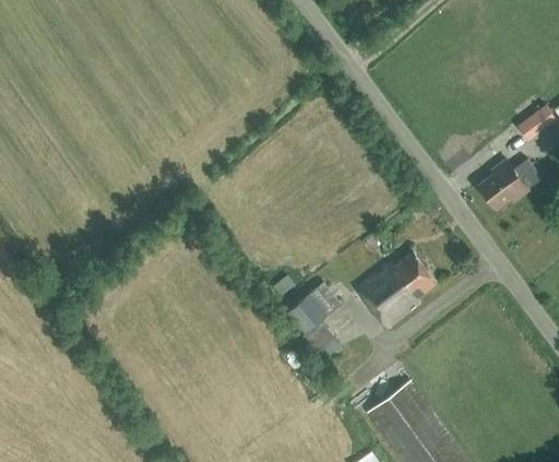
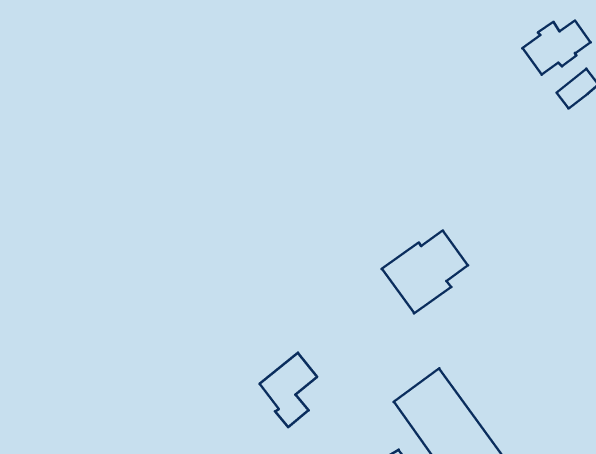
building: [477,161,539,210] -> [522,21,591,75]
building: [287,285,340,353] -> [260,353,317,427]

